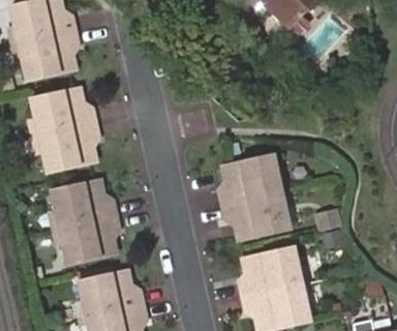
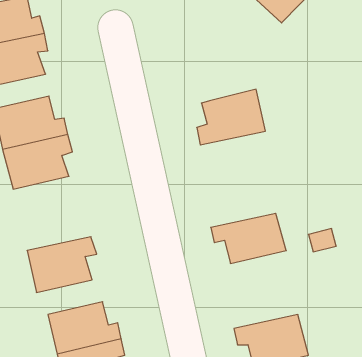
building: [221,155,282,205] -> [197,89,265,145]
building: [53,180,118,225] -> none
building: [242,247,302,295] -> none

